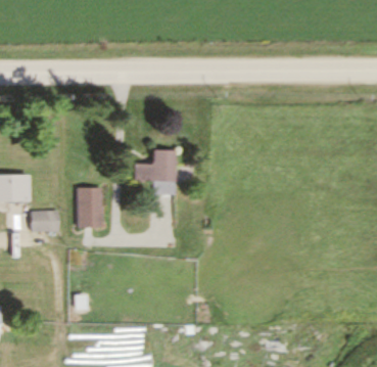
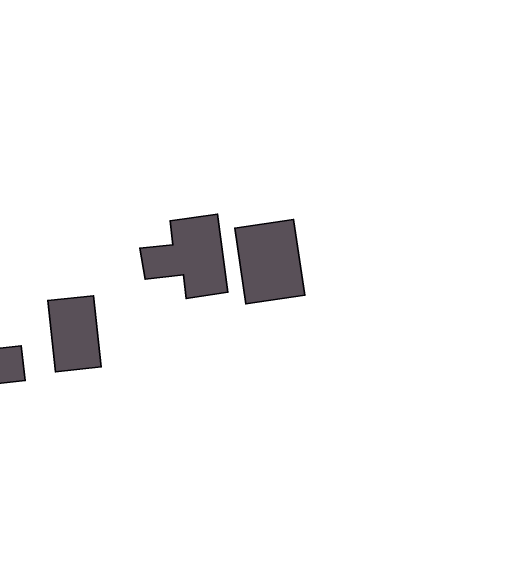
building: none -> [235,219,305,304]

